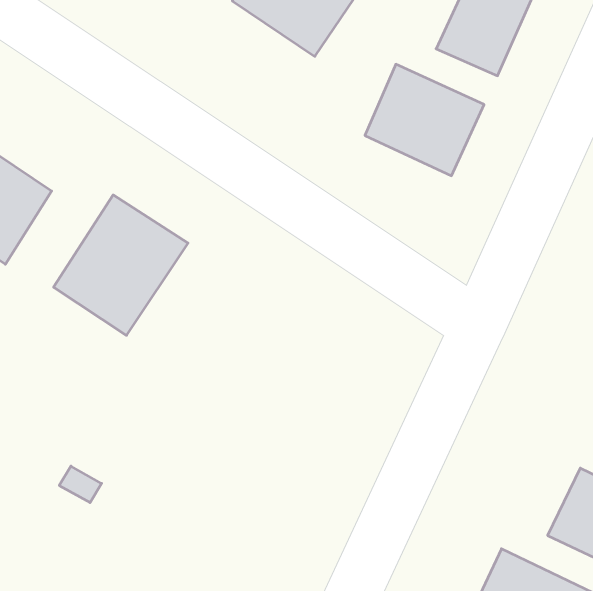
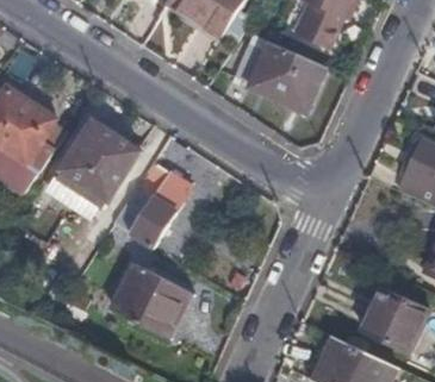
building: none -> [116,162,193,248]
building: none -> [111,263,187,337]

